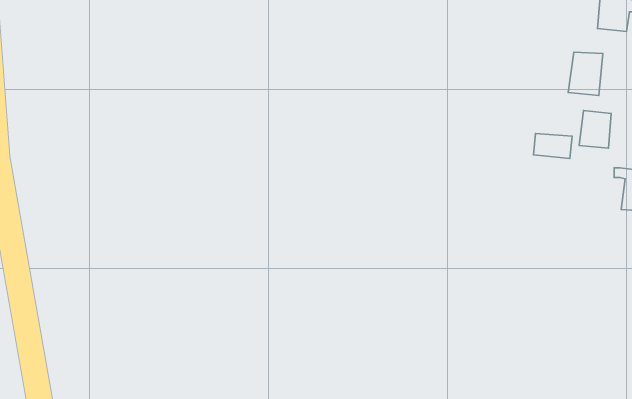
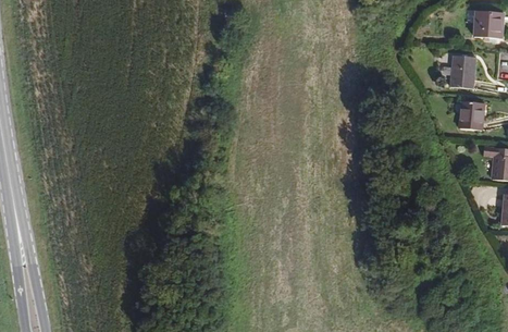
building: [533,133,572,159] -> none

